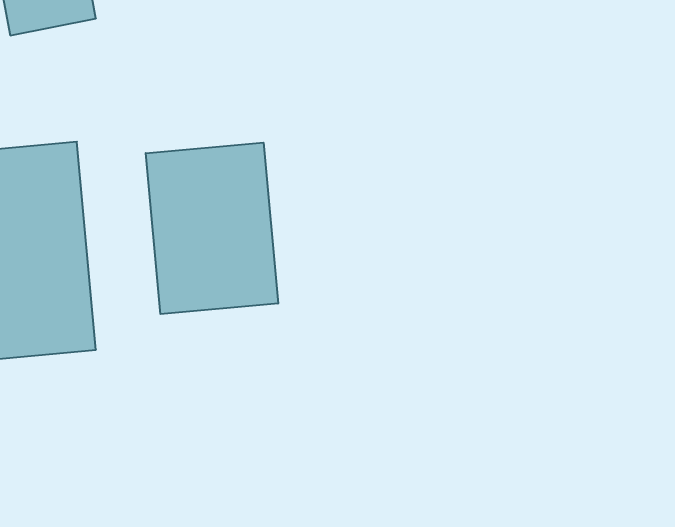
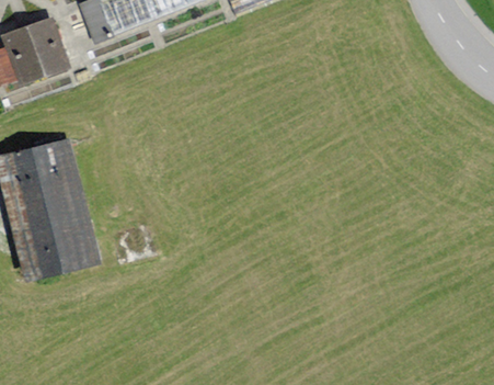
building: [146,143,278,314] -> none

